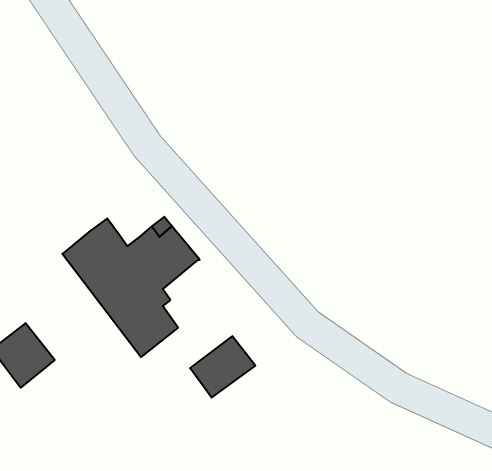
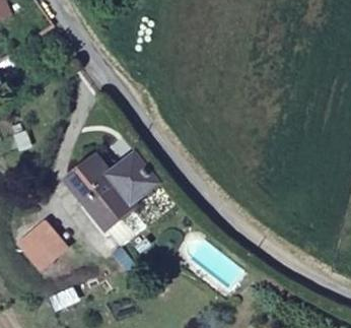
building: [190,336,255,398] -> none

